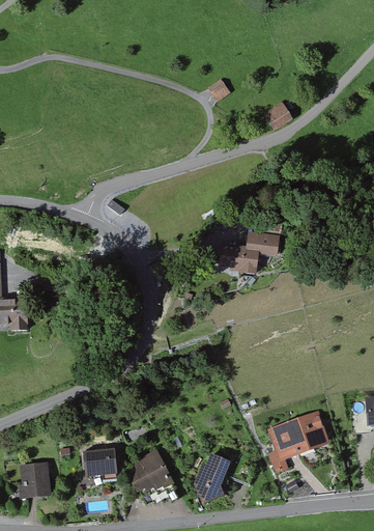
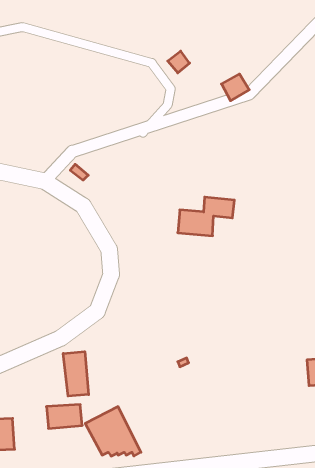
building: none -> [63,352,89,396]
building: [268,412,328,471] -> none
building: [193,453,230,502] -> none

